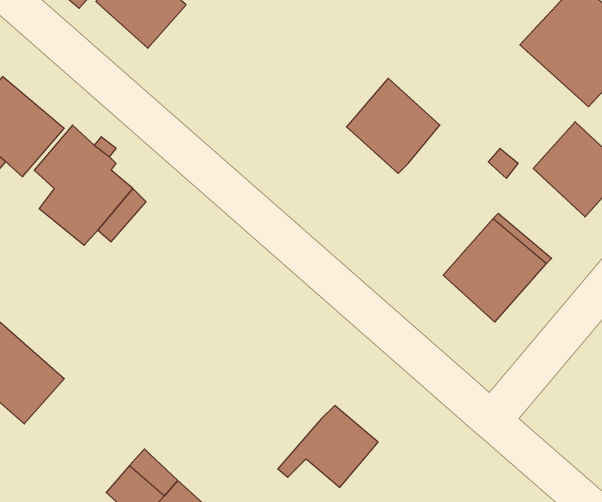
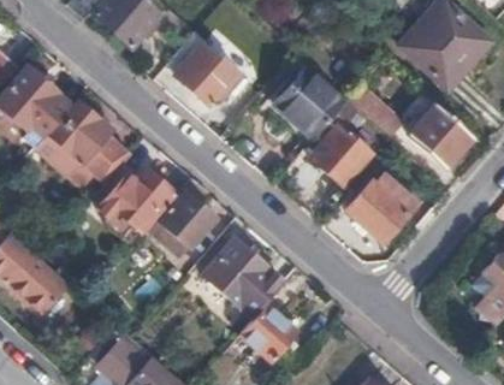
building: none -> [166,29,245,102]
building: none -> [312,99,380,191]
building: none -> [108,165,173,236]
building: none -> [161,178,215,247]
building: none -> [203,238,285,313]

